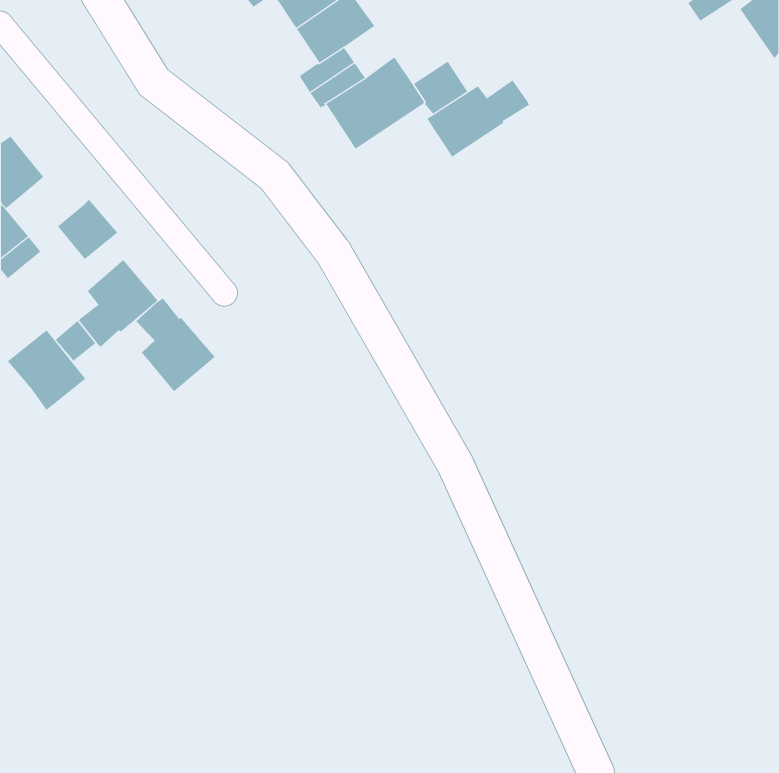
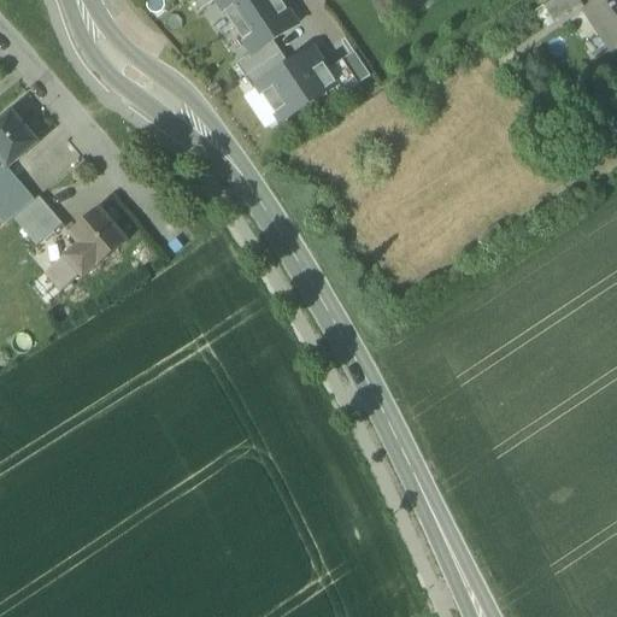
building: [427,80,530,157] -> none
building: [57,199,118,260] -> [12,194,60,242]
building: [136,297,216,392] -> none
building: [7,329,86,411] -> none

